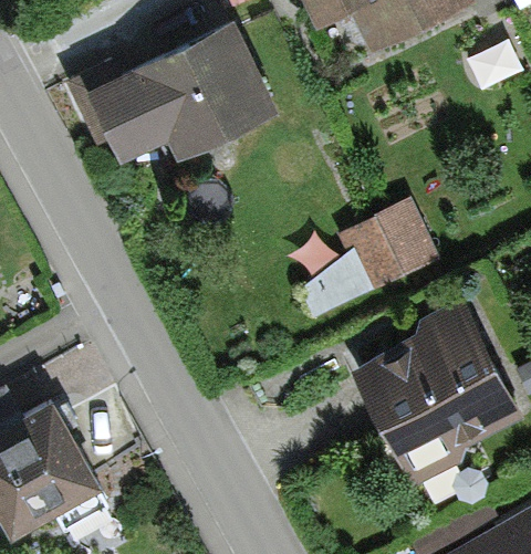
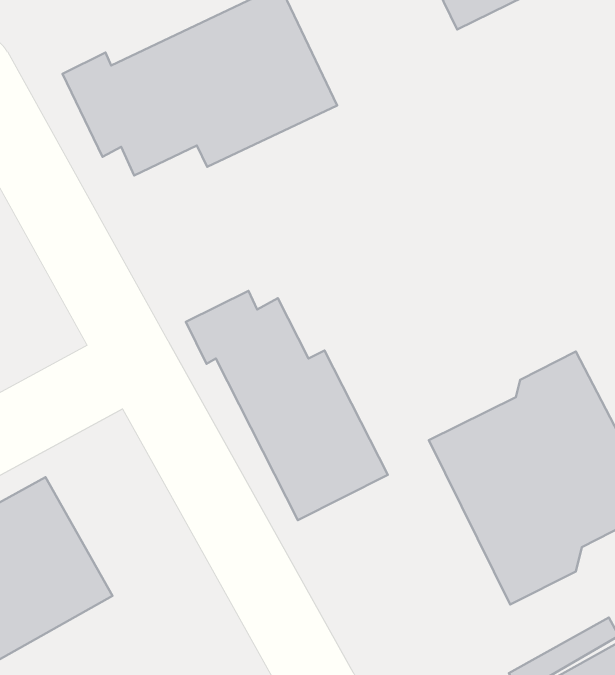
building: [299,203,439,323] -> none
building: none -> [186,291,388,520]

